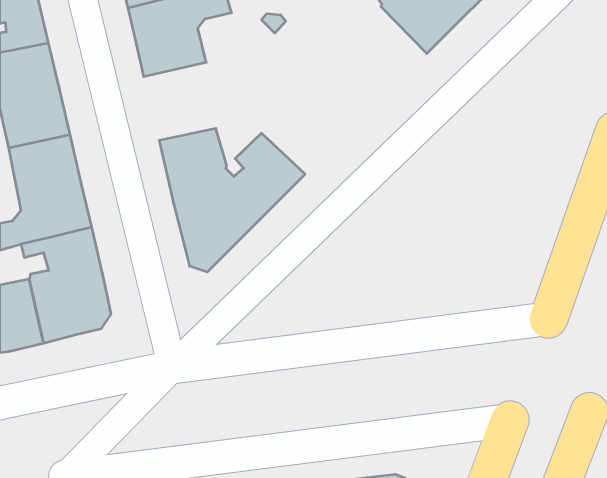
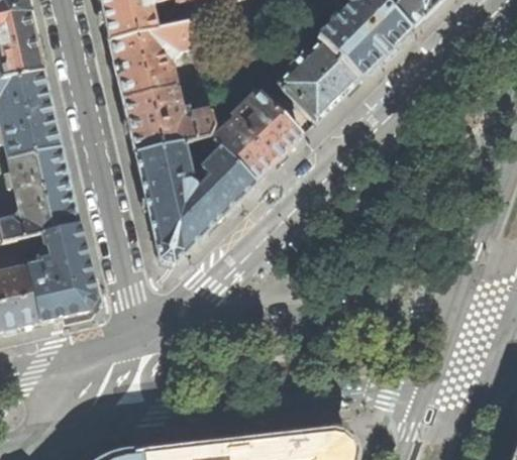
building: none -> [276,37,359,119]
building: none -> [122,84,213,149]
building: none -> [214,89,301,178]

